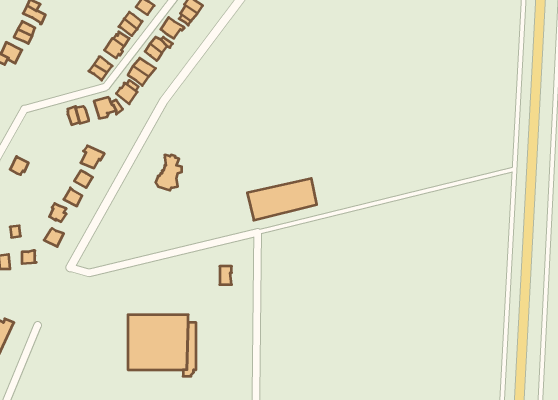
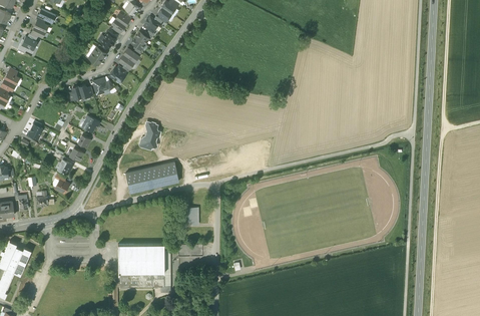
building: [247,178,317,220] -> [125,161,178,193]

